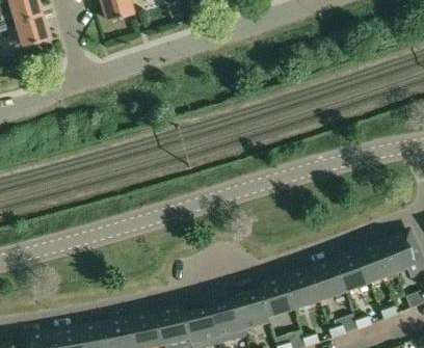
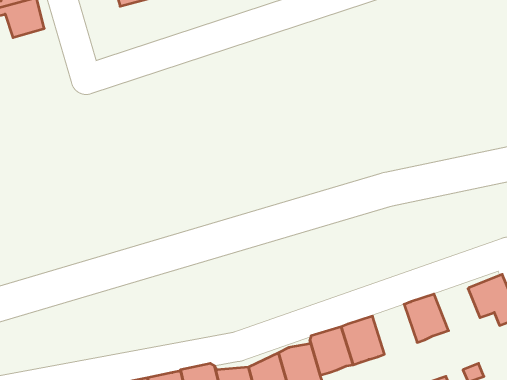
building: [357,240,396,279] -> none
building: [309,259,344,298] -> none

